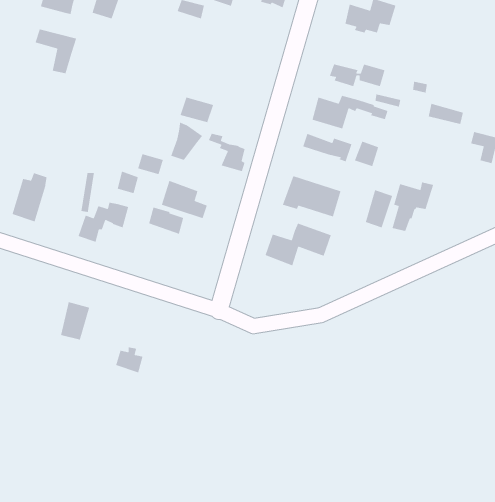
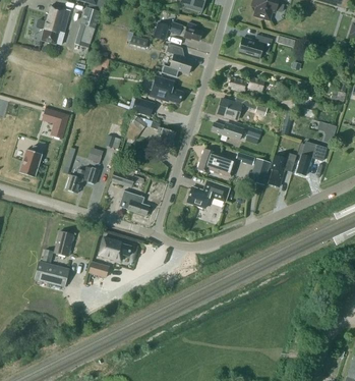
building: none -> [161,44,192,78]
building: [35,29,77,74] -> [42,109,69,139]
building: none -> [150,76,182,104]
building: none -> [296,142,327,175]
building: [161,180,208,219] -> [118,190,149,216]
building: none -> [98,238,130,262]
building: none -> [35,262,68,287]

